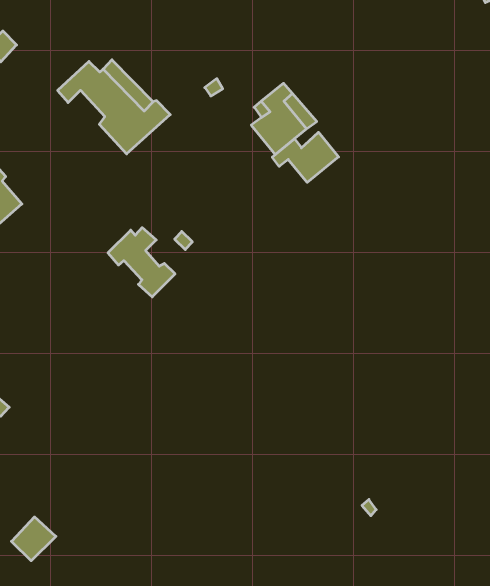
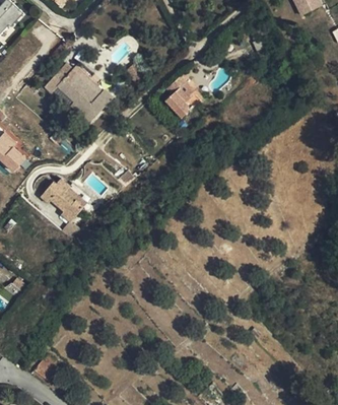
building: [272,132,339,182] -> none
building: [108,228,175,297] -> [41,179,83,221]

